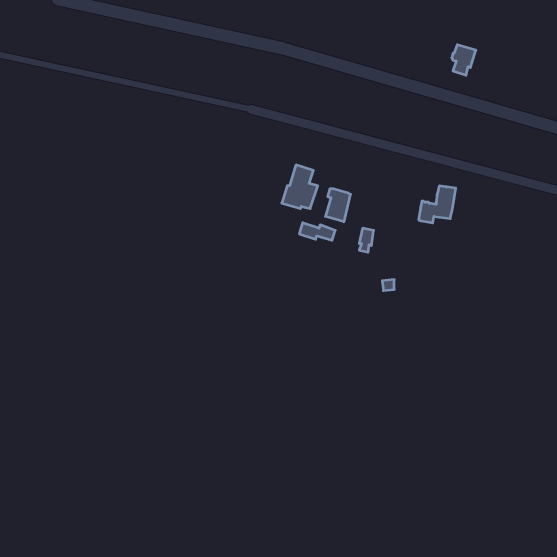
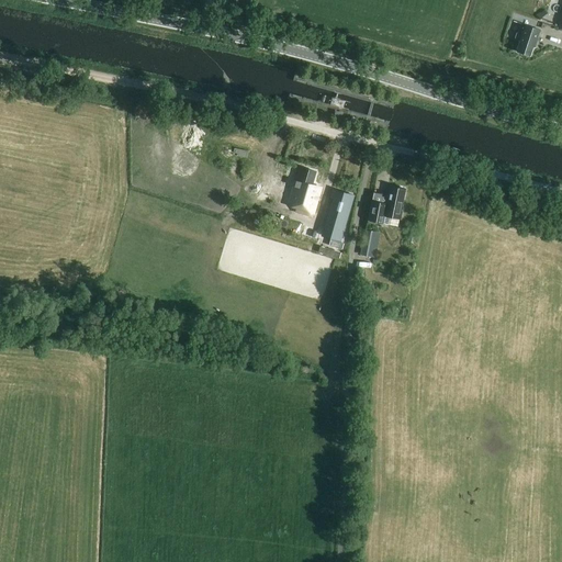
building: [452,45,476,75] -> [515,24,539,55]
building: [419,186,456,223] -> [368,186,405,223]

